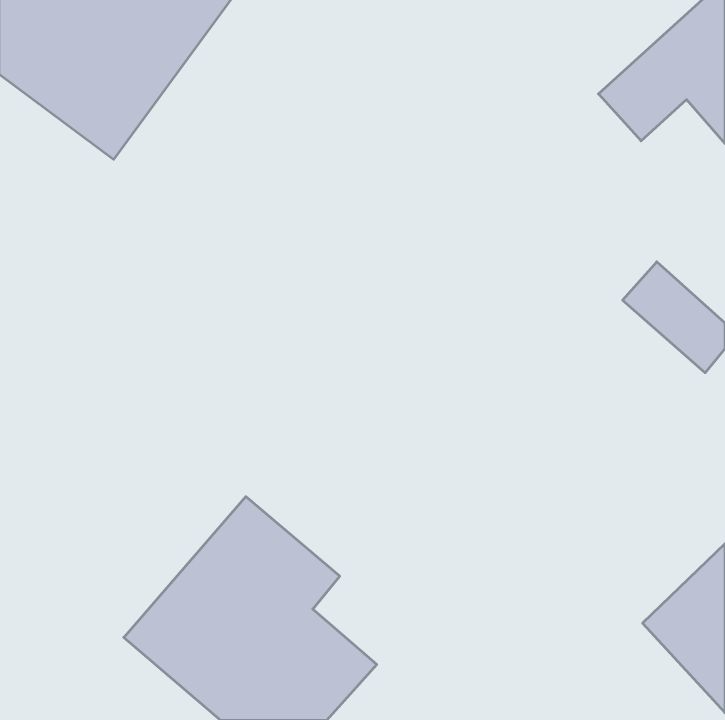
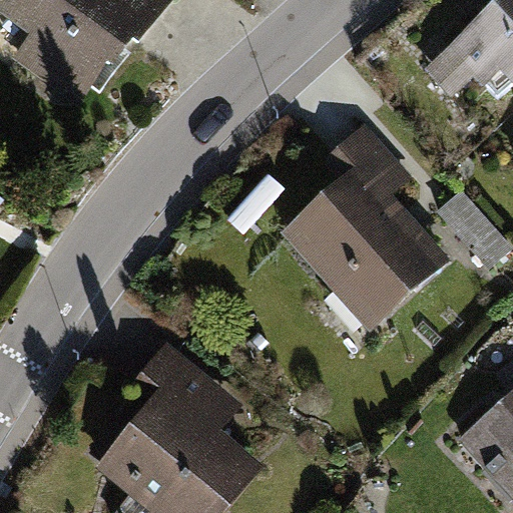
building: none -> [284,124,450,334]

